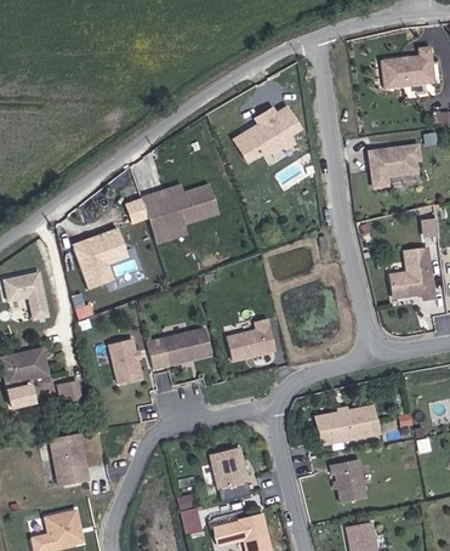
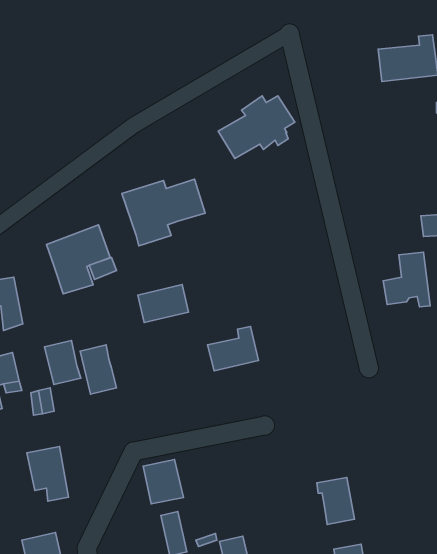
building: [368,143,423,189] -> none
building: [160,329,207,364] -> [138,285,189,322]
building: none -> [45,340,81,385]
building: [312,407,372,445] -> none
building: [205,448,243,489] -> [143,460,184,504]

